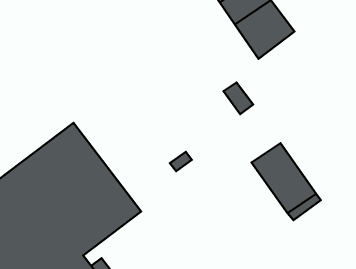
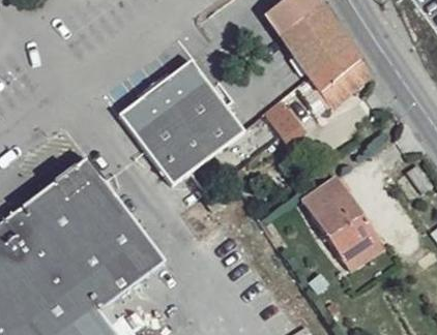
building: none -> [309,49,371,111]
building: none -> [122,59,247,184]

